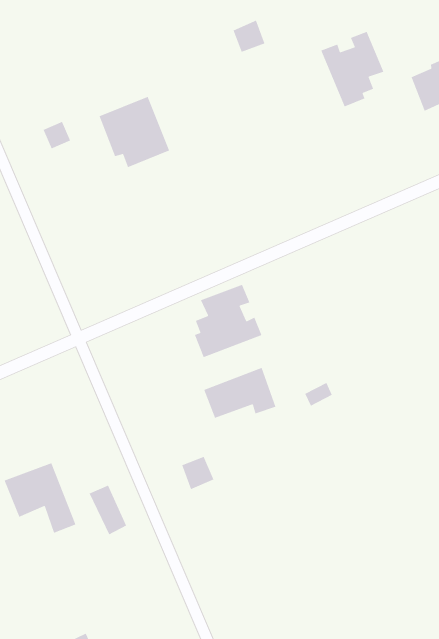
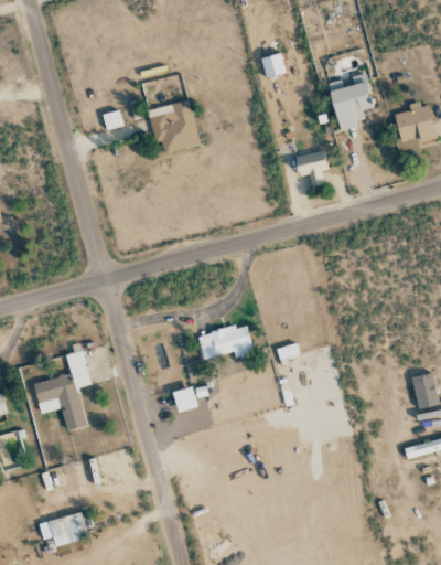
building: none -> [297,151,327,185]
building: [194,284,262,358] -> none
building: [89,485,127,536] -> [65,350,92,390]

